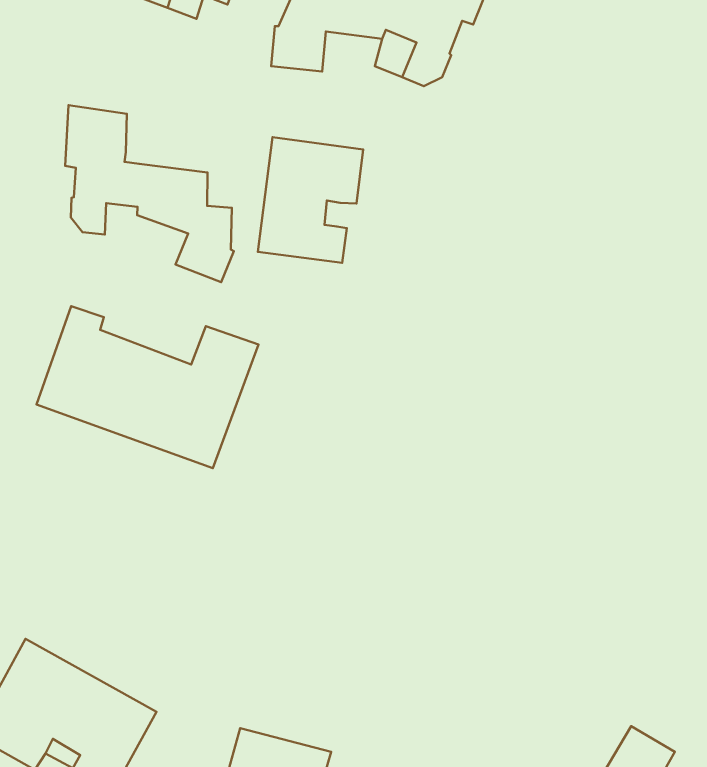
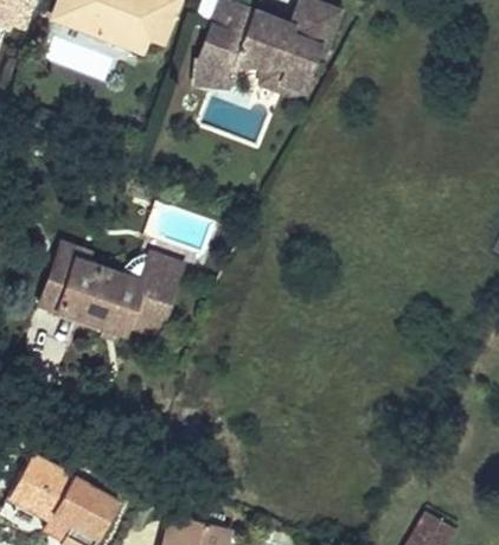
building: [65,105,234,282] -> none
building: [258,137,363,263] -> none

